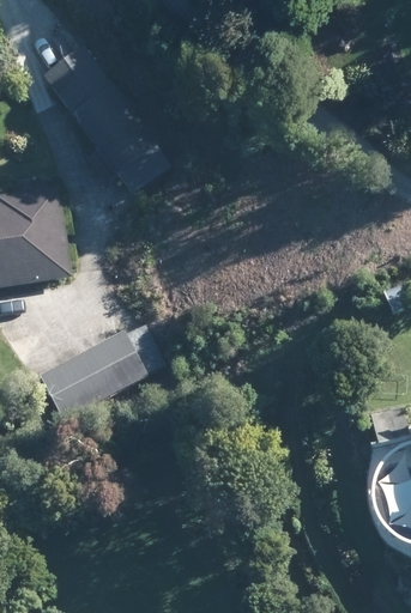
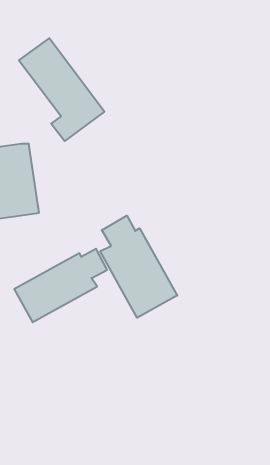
building: none -> [100,216,177,318]

